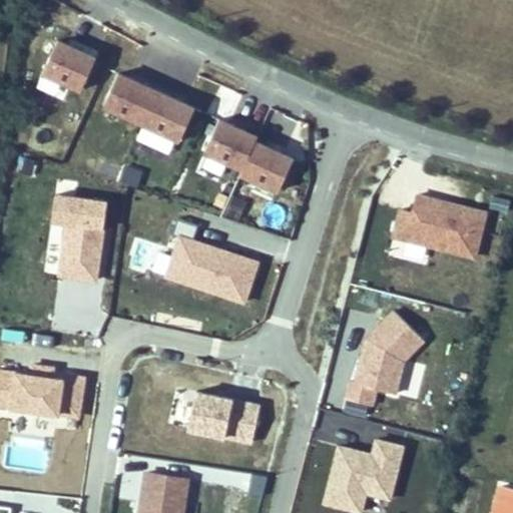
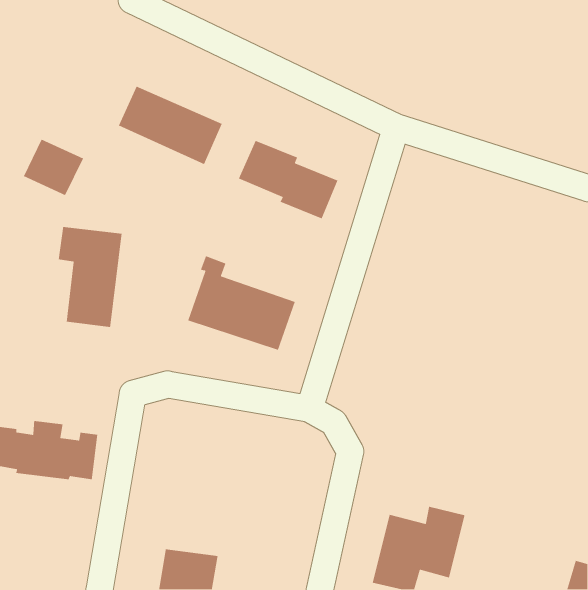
building: [41,42,94,92] -> [23,139,84,196]
building: [394,195,489,260] -> none
building: [345,313,423,403] -> none
building: [170,392,260,437] -> none

